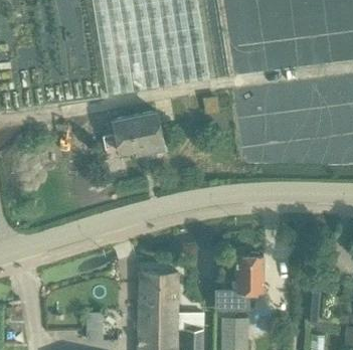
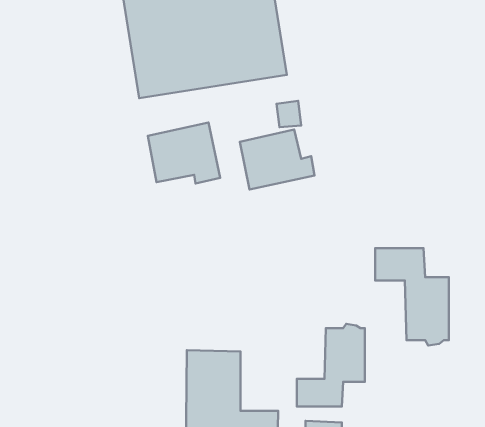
building: none -> [240,130,314,189]
building: none -> [375,248,449,345]

